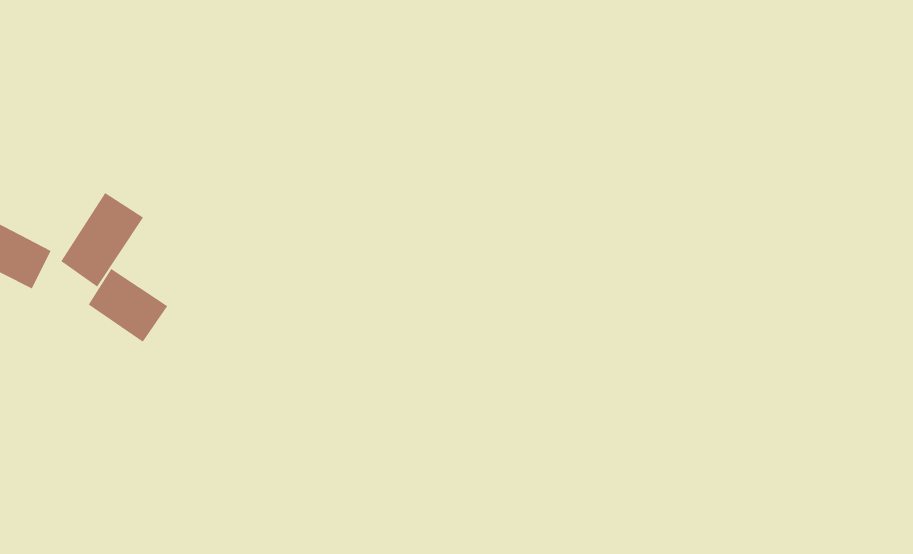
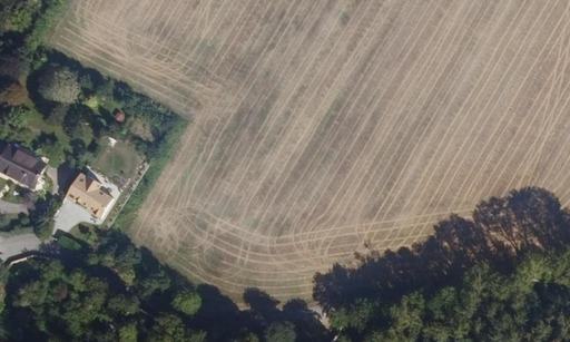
building: [60,192,144,287] -> none

